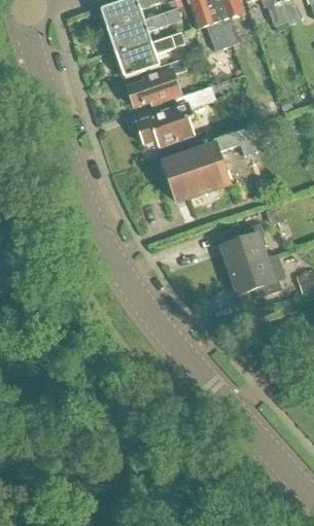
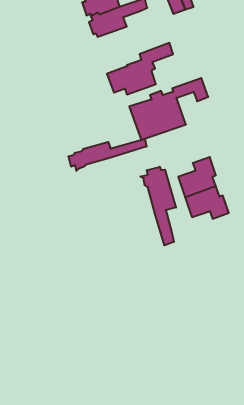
building: [126,58,186,106] -> none
building: none -> [68,139,147,171]
building: none -> [140,167,176,245]

